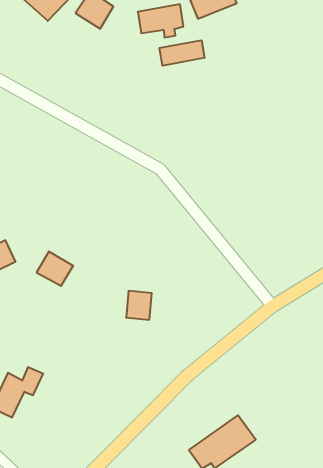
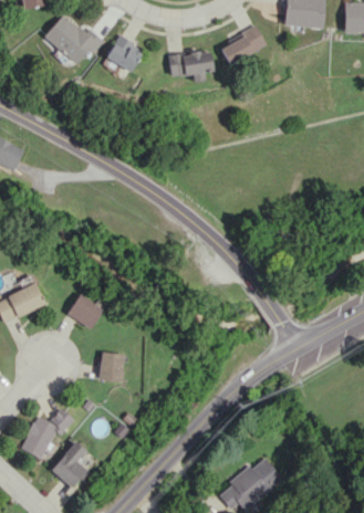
building: [160,40,204,66] -> none
building: [126,291,152,320] -> [98,353,124,381]
building: none -> [51,441,87,489]

